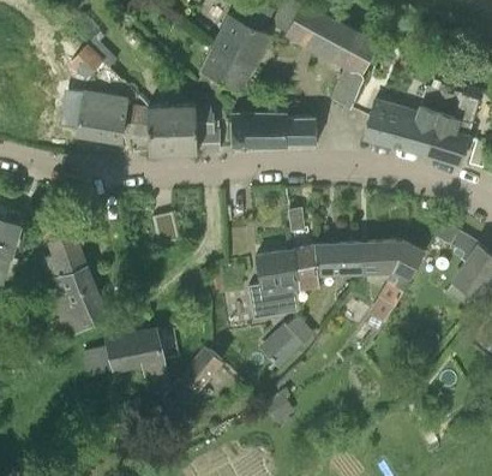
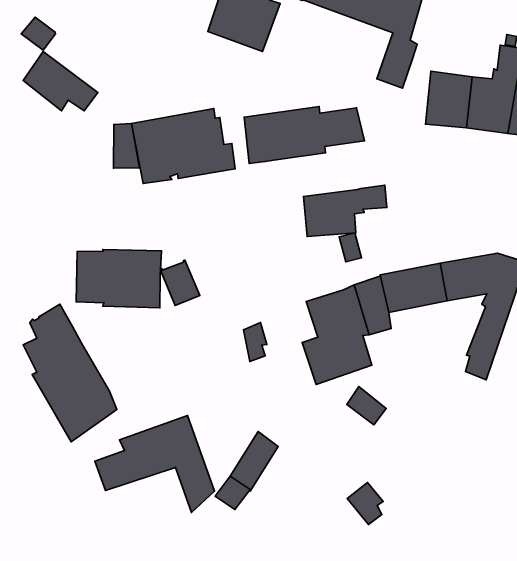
building: [200,46,251,90] -> none
building: [59,89,127,139] -> [76,250,162,308]
building: none -> [303,185,387,236]

